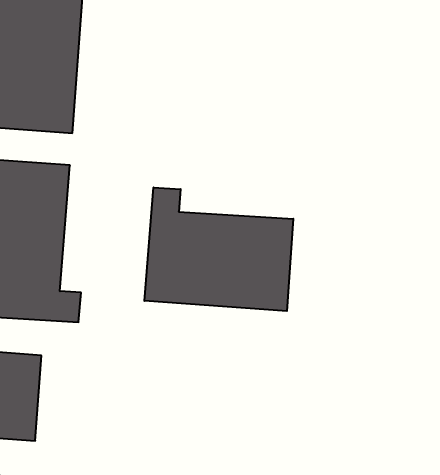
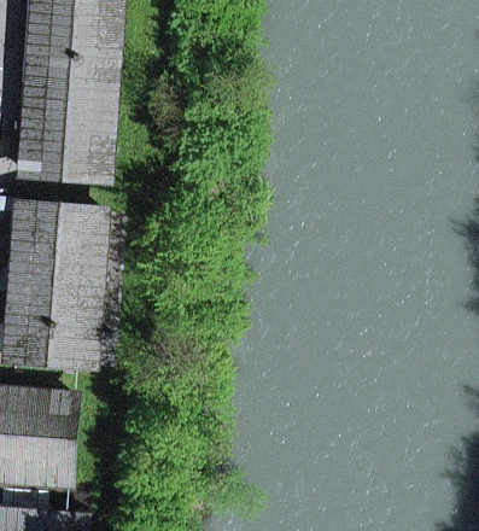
building: [144,187,293,311] -> none

